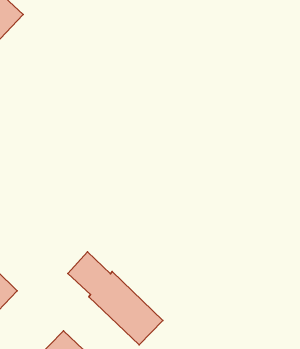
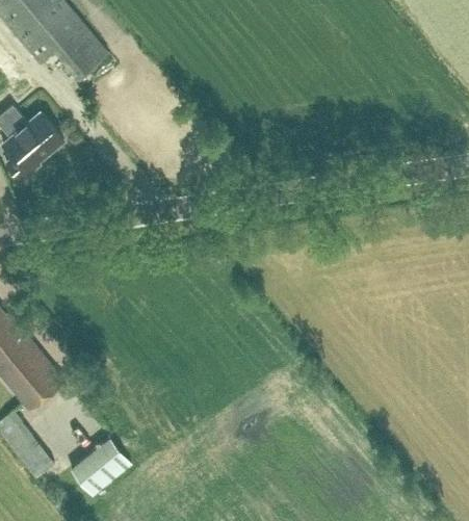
building: [68,252,163,345] -> none

